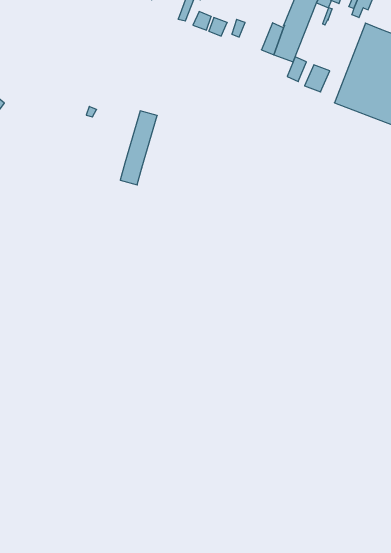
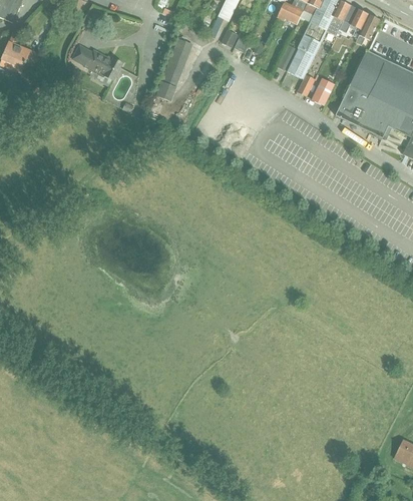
building: none -> [72,44,122,79]
building: [120,111,157,185] -> [156,38,191,100]

